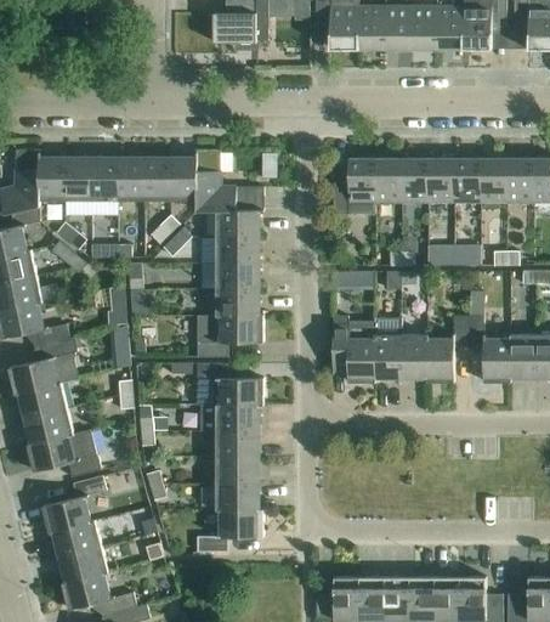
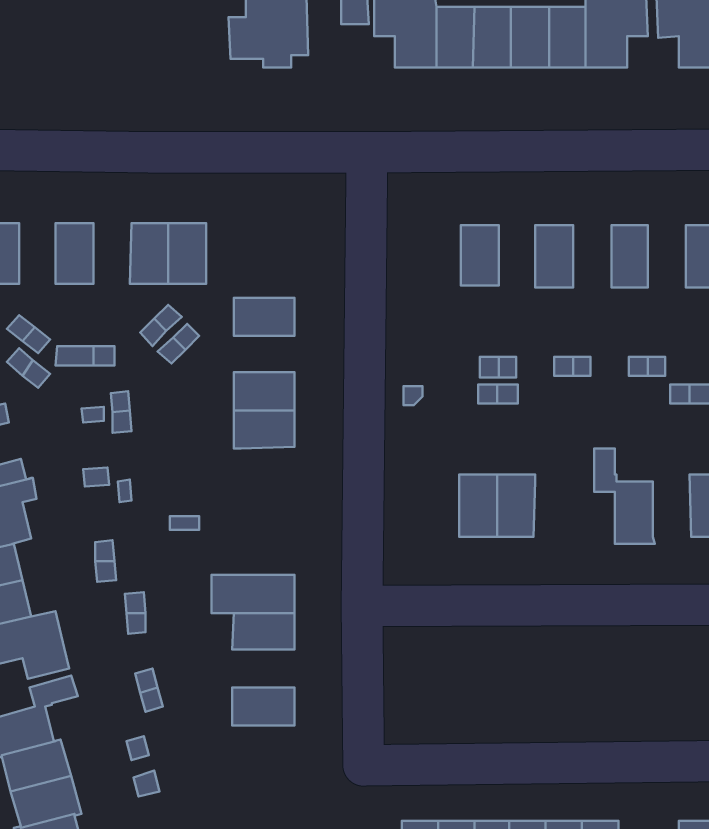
building: [195,149,263,211] -> none
building: [66,158,91,200] -> none
building: [118,158,144,200] -> none
building: [333,159,375,214] -> none
building: [402,159,427,203] -> none
building: [454,159,481,203] -> none
building: [506,159,533,203] -> none
building: [216,237,259,262] -> none
building: [197,315,263,357] -> none
building: [333,316,375,383] -> none
building: [426,316,469,383] -> none
building: [509,334,537,378] -> none
building: [195,363,263,406] -> none
building: [215,457,259,484] -> none
building: [197,509,263,552] -> none

